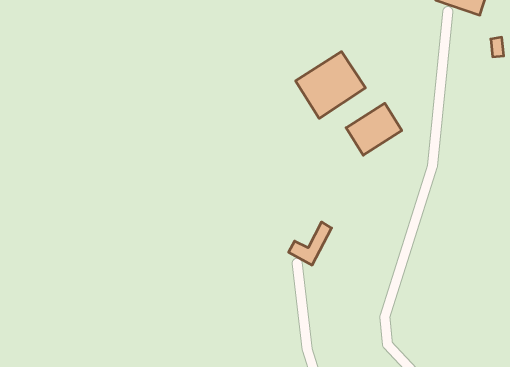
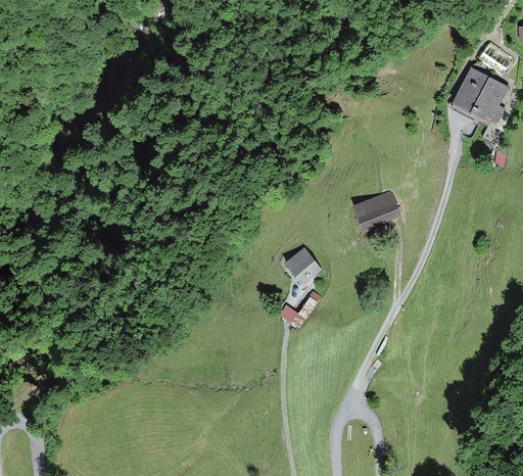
building: [296,52,365,118] -> none
building: none -> [285,247,320,283]

